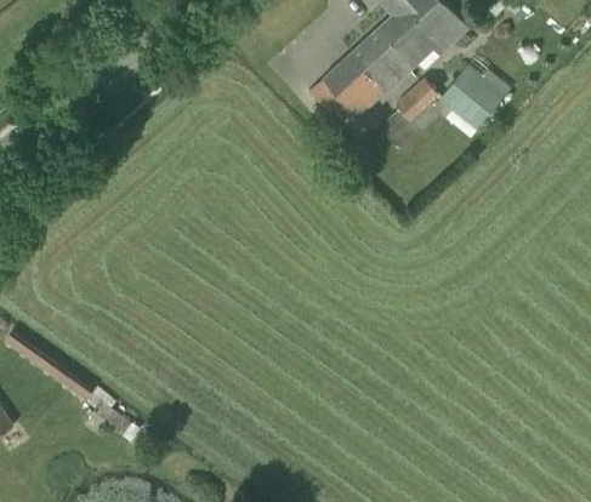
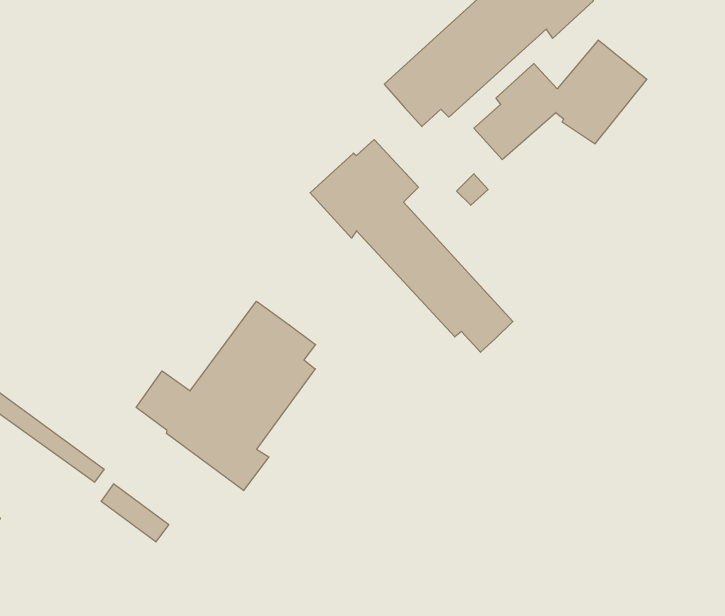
building: none -> [310,140,513,352]
building: none -> [136,301,316,491]

